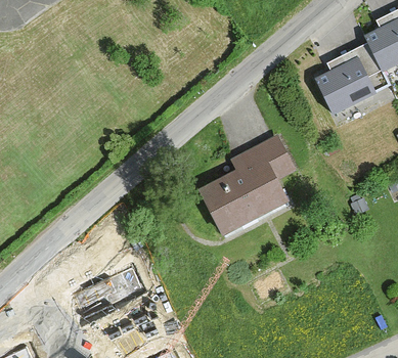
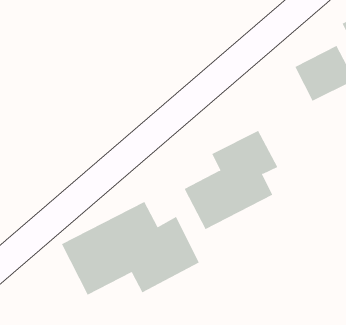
building: none -> [61,201,199,296]

